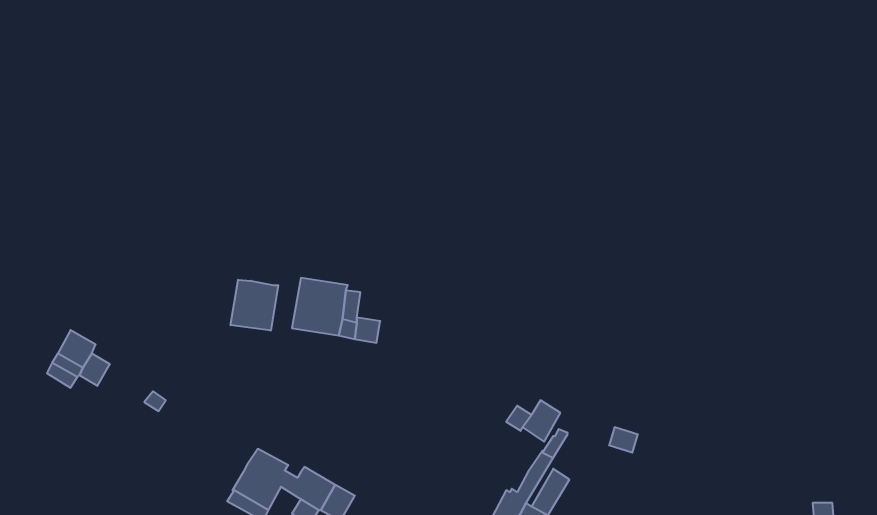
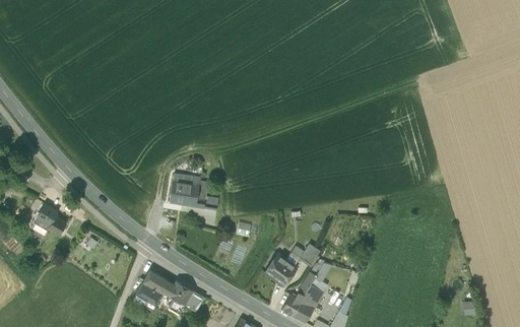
building: [231,280,278,331] -> none
building: none -> [266,254,296,285]

